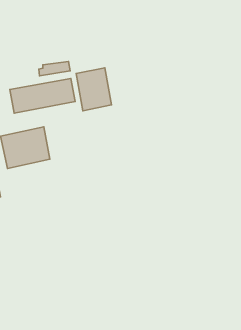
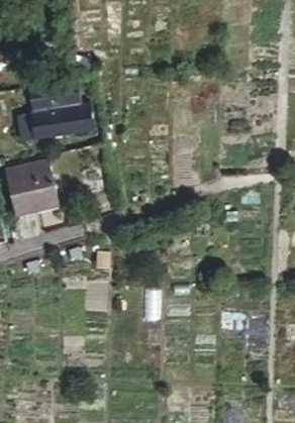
building: [76,68,111,111] -> none

